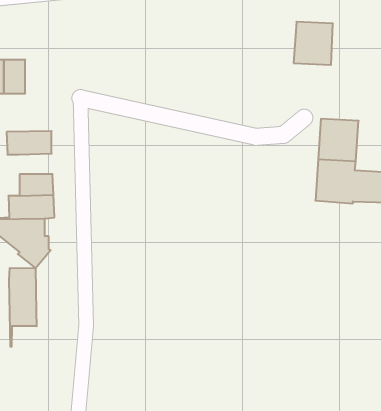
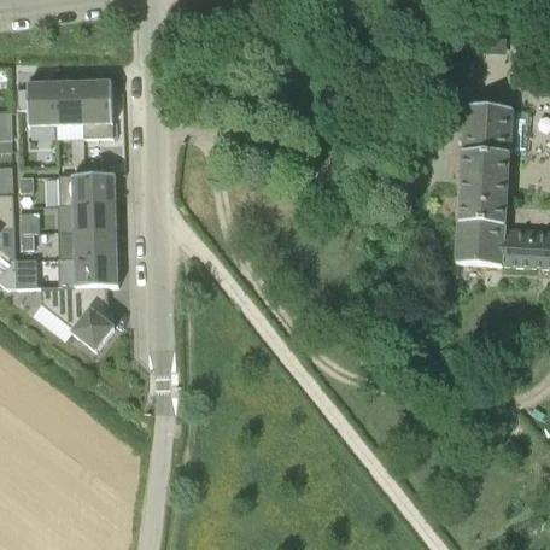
building: [294,22,333,65] -> [461,105,511,160]
building: none -> [82,80,112,138]
building: none -> [72,203,116,229]
building: [9,268,37,347] -> none

